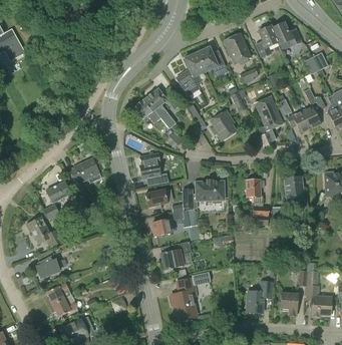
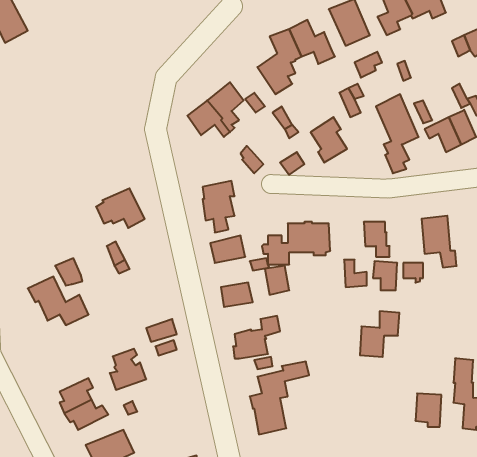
building: [45,180,72,204] -> none
building: [35,250,59,277] -> [110,349,146,390]
building: [247,282,273,312] -> [360,311,399,357]

